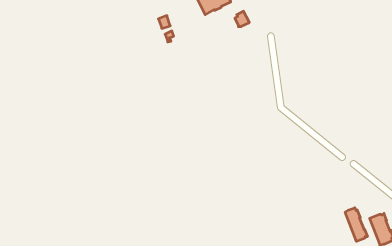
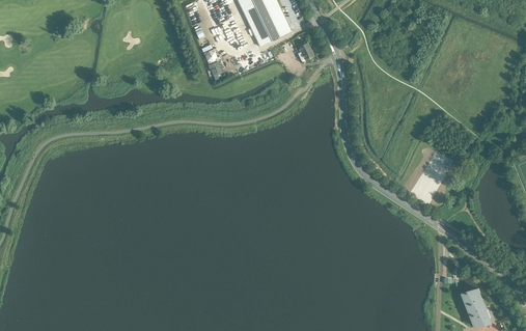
building: [345,208,367,241] -> none

